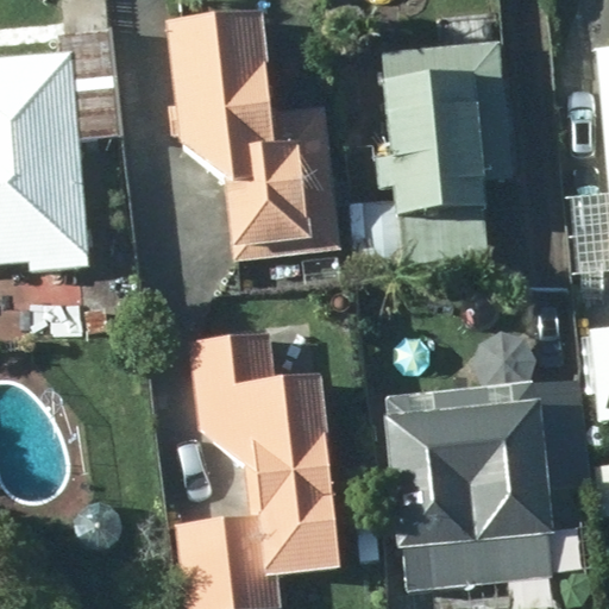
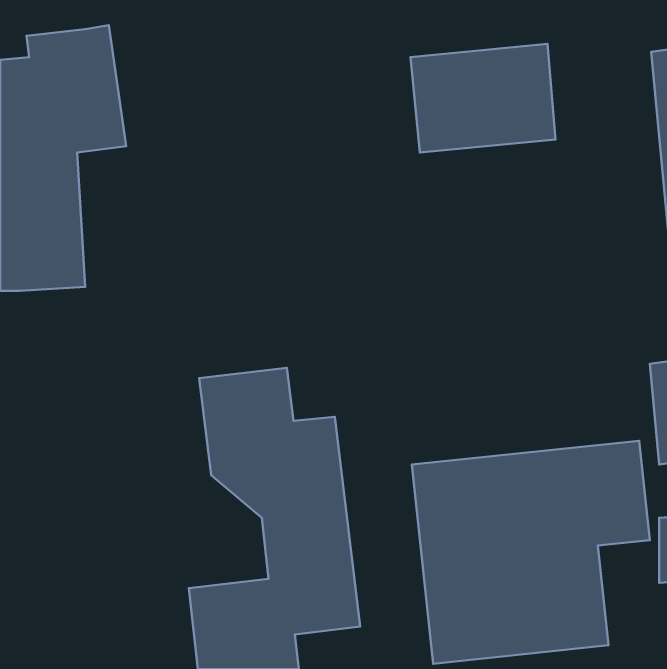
building: [157,8,343,258] -> none
building: [375,125,514,277] -> none

